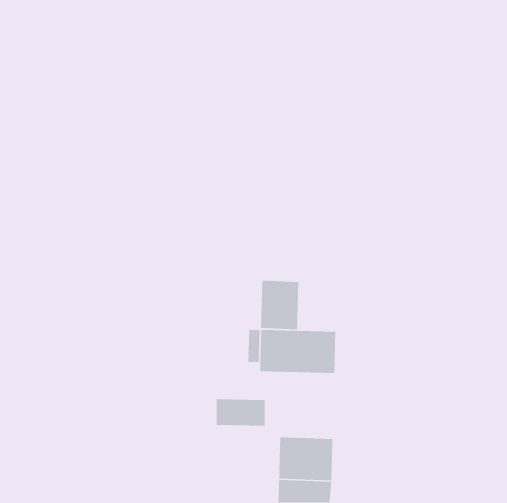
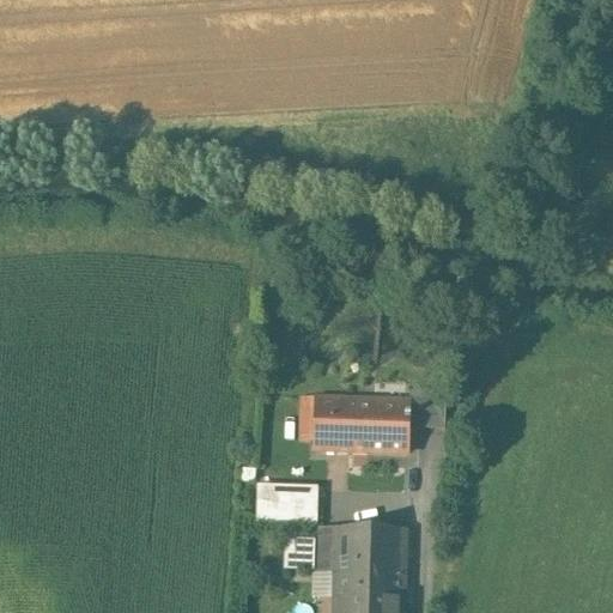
building: [260,280,299,330] -> none
building: none -> [317,526,338,568]

